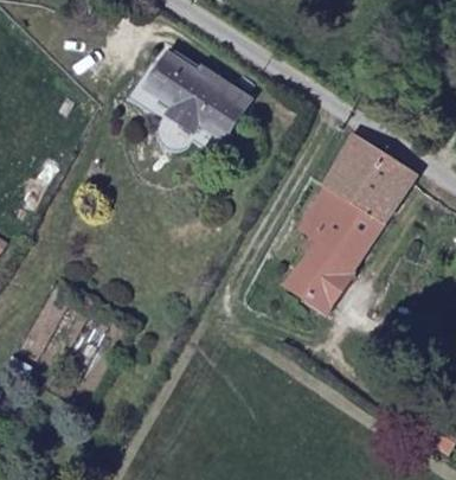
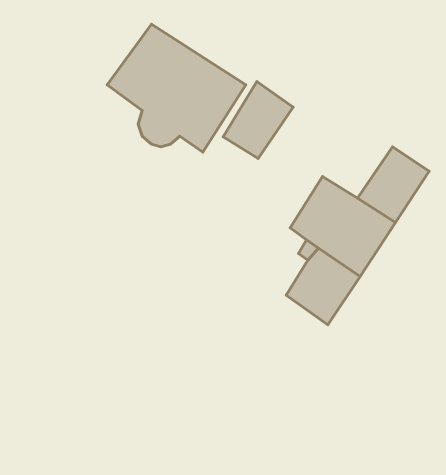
building: [321,132,383,199] -> [223,82,293,159]

